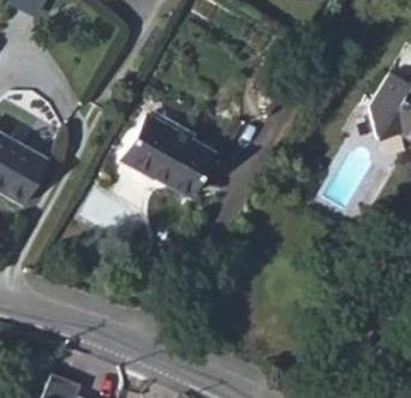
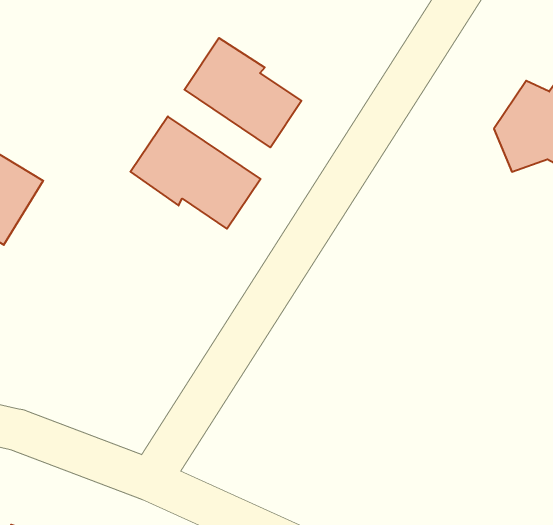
building: none -> [184,38,301,147]

